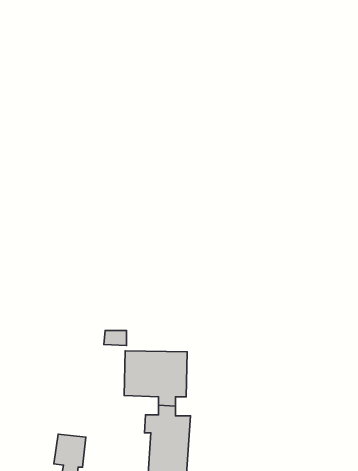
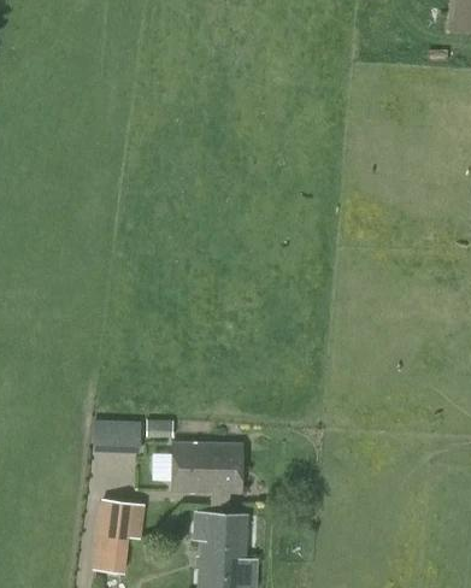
building: none -> [92,419,141,453]
building: none -> [96,499,143,539]

